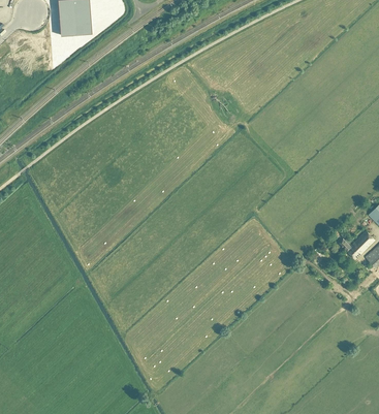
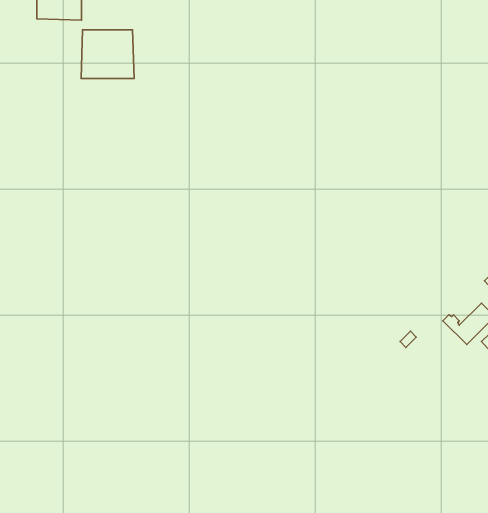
building: none -> [81,30,134,78]

